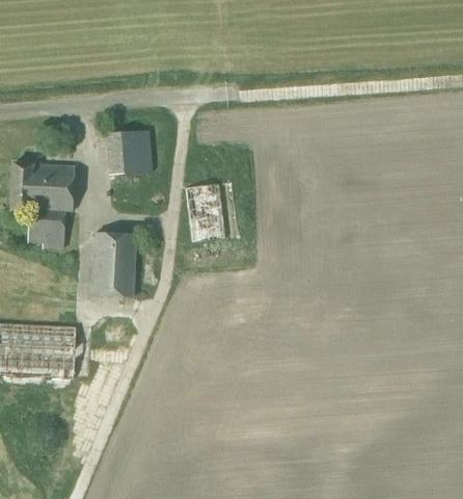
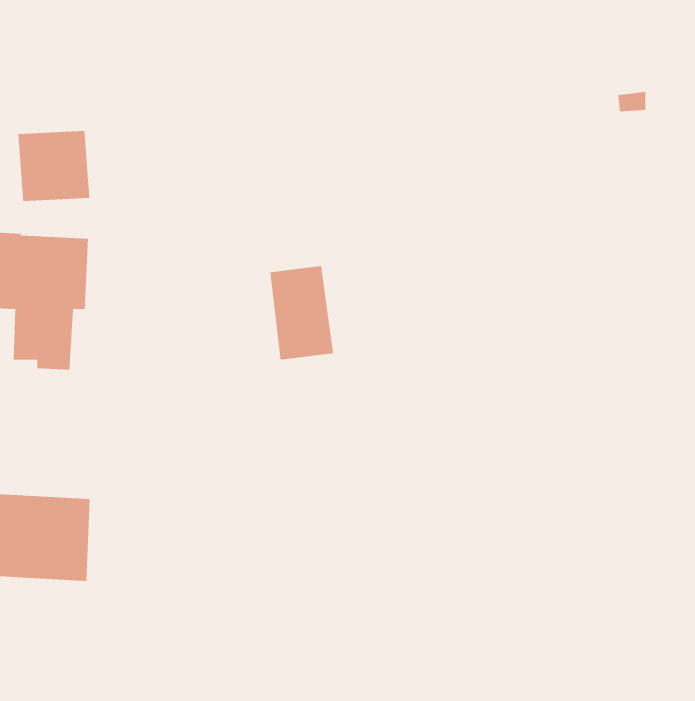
building: [107,130,152,174] -> [18,131,90,202]
building: [91,232,137,296] -> none

